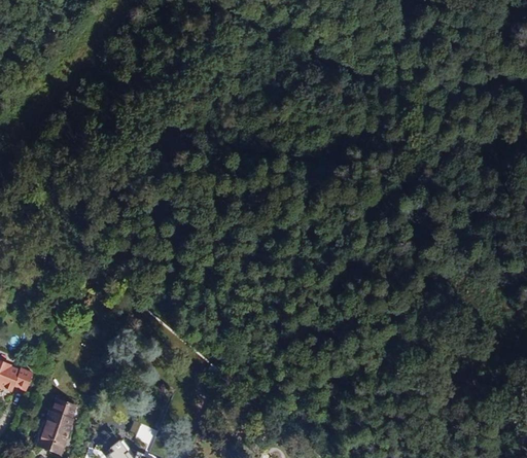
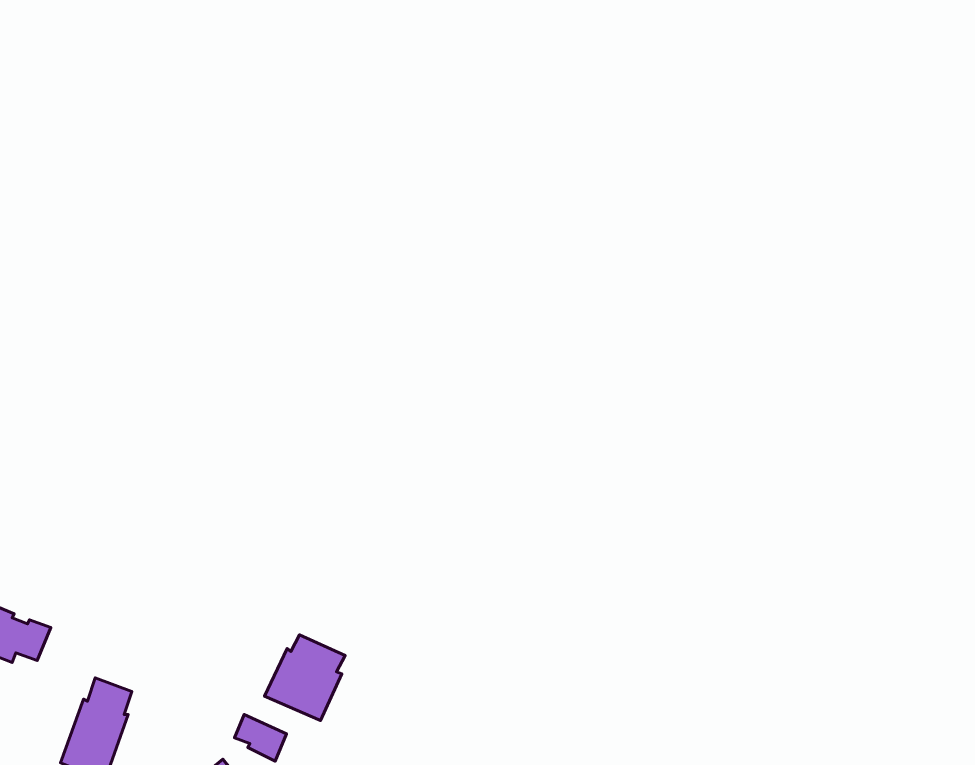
building: none -> [265,635,345,721]

